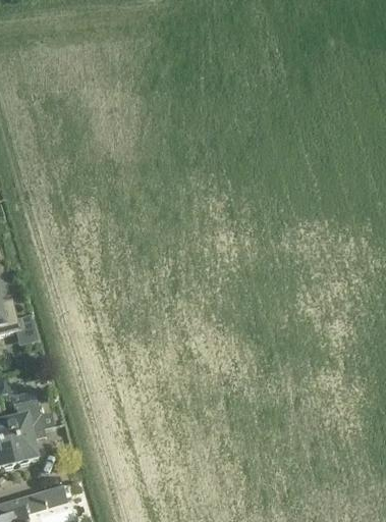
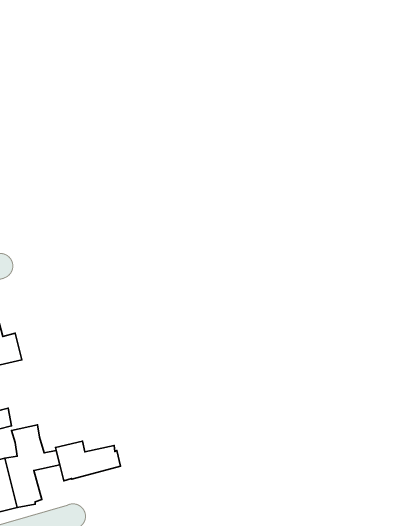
building: none -> [56,441,120,481]

